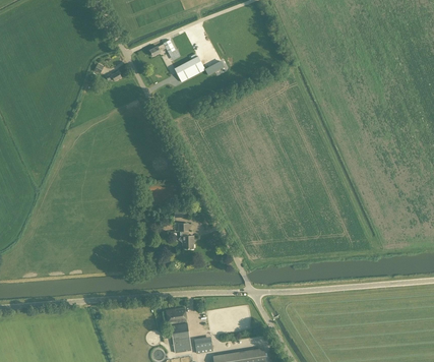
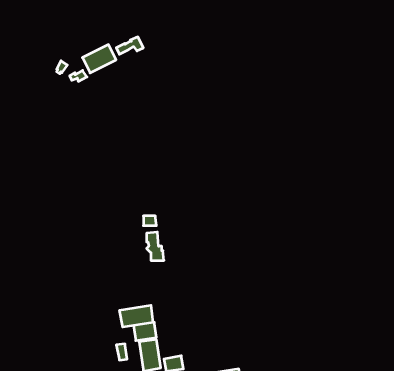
building: [174,55,205,81] -> [82,45,116,73]
building: none -> [120,305,153,327]

